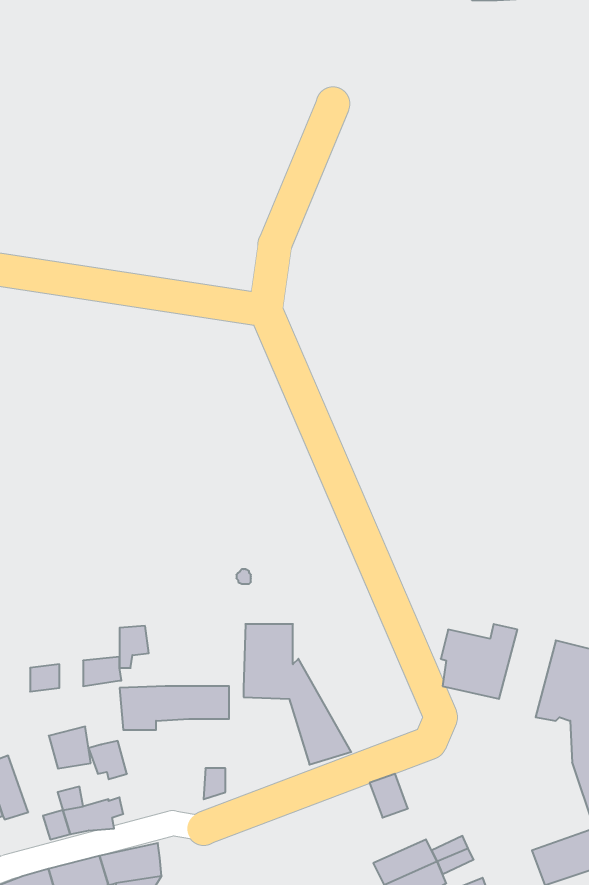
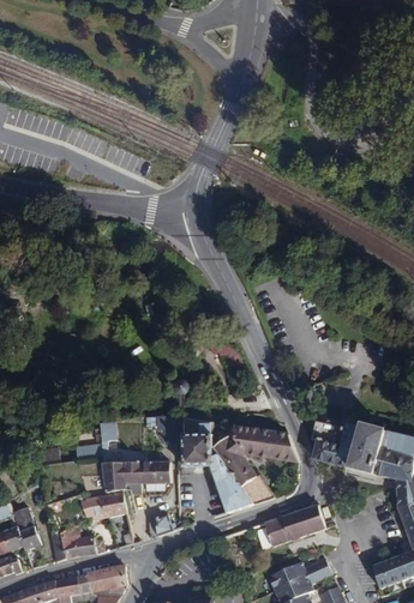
building: none -> [346,423,385,481]
building: none -> [216,426,298,503]
building: [49,727,91,769] -> [97,490,125,518]
building: none -> [280,505,325,541]

